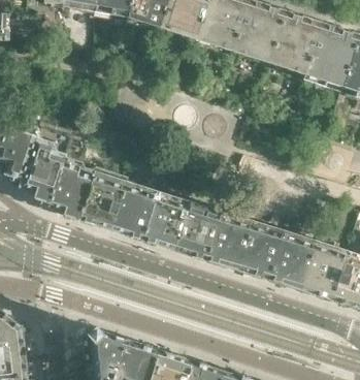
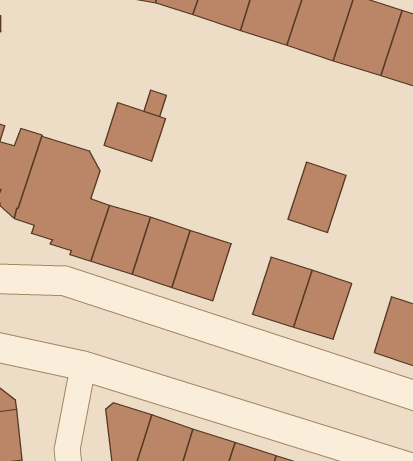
building: none -> [104,103,166,161]
building: [173,207,219,261] -> [288,162,346,232]
building: [267,237,313,291] -> none

